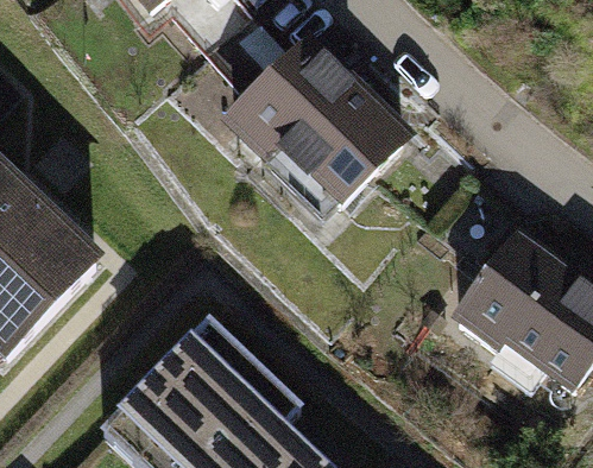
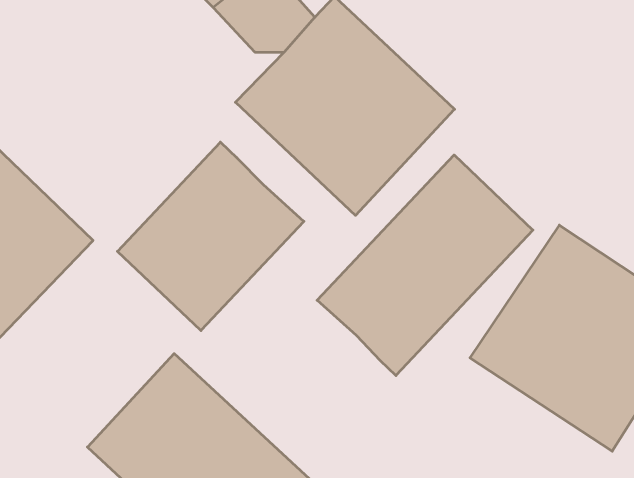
building: none -> [117,142,304,331]
building: none -> [317,155,533,376]

